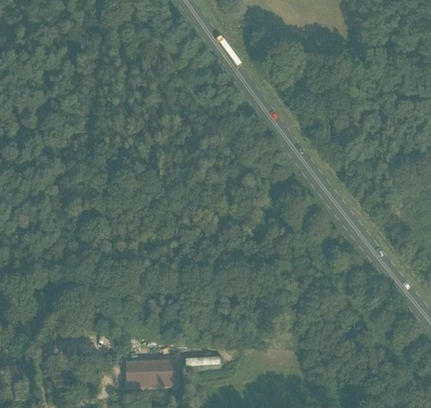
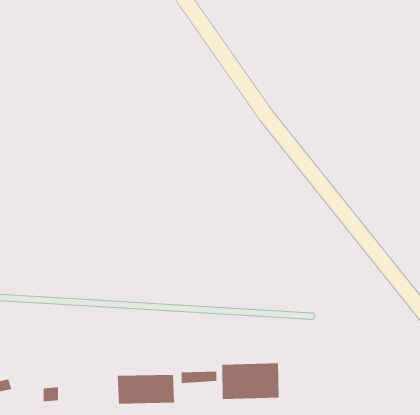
building: none -> [222,362,279,400]

